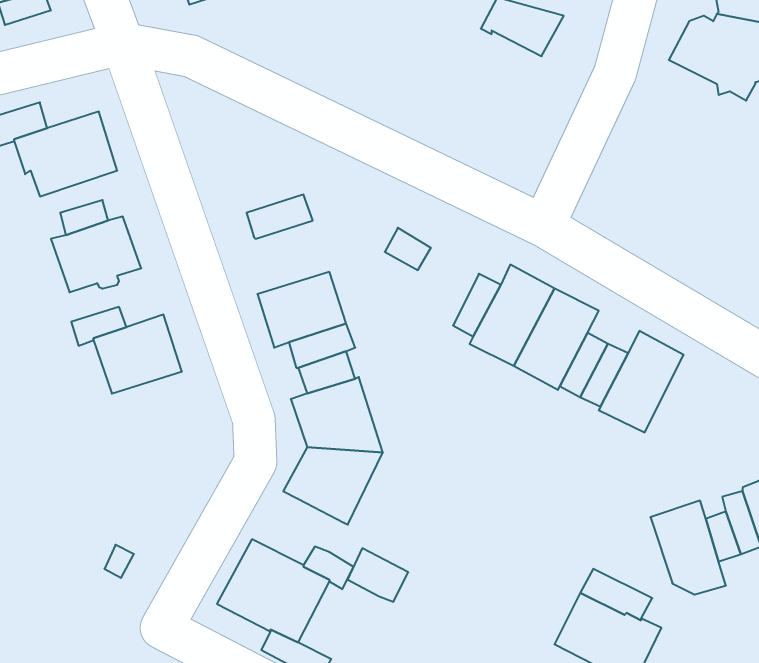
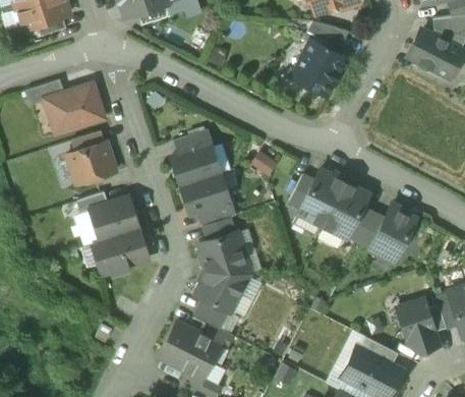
building: none -> [295,40,346,95]
building: none -> [171,145,220,185]
building: none -> [92,228,149,274]
building: [347,548,408,602] -> [194,298,228,328]

